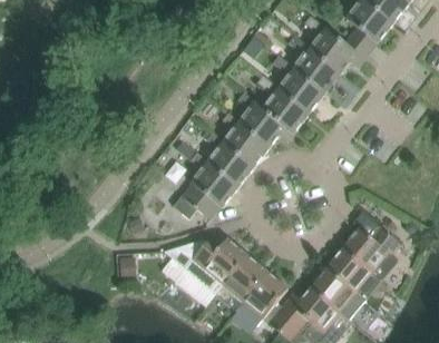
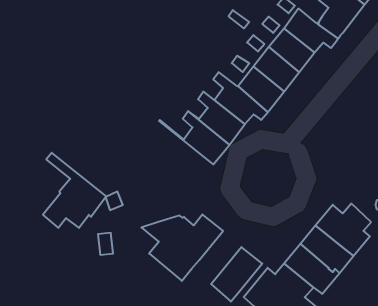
building: [173,141,237,218] -> [43,153,106,228]
building: [223,254,266,301] -> none

